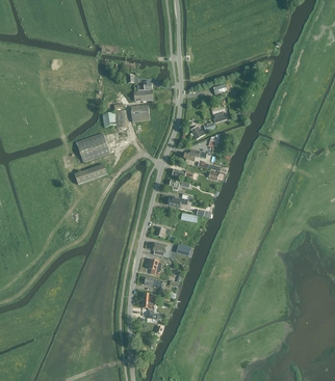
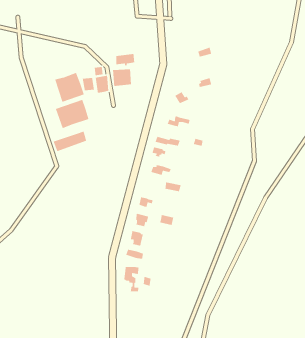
building: none -> [54,72,85,103]

